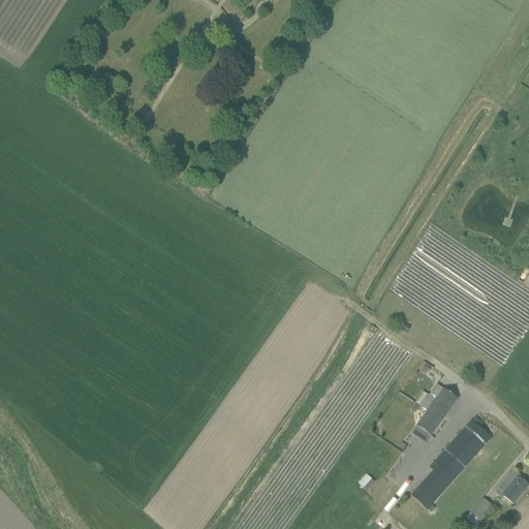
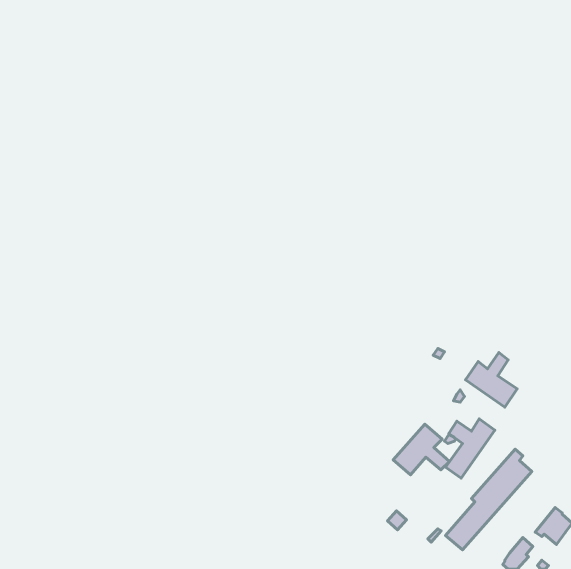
building: none -> [466,352,517,407]
building: none -> [393,424,449,475]

